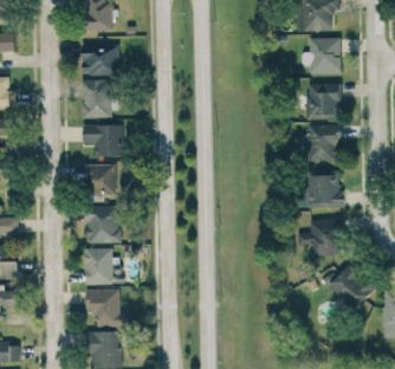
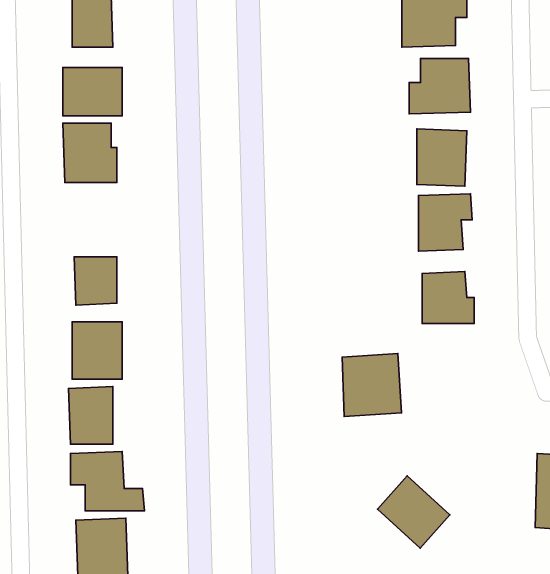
building: [82,124,122,156] -> none
building: [306,218,344,258] -> [342,354,402,417]
building: [328,264,374,310] -> [378,476,450,548]

